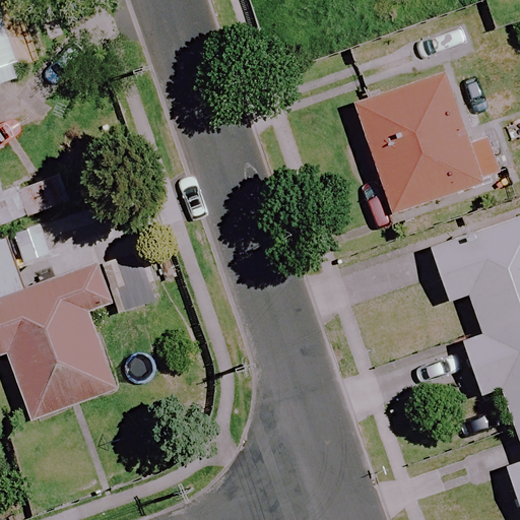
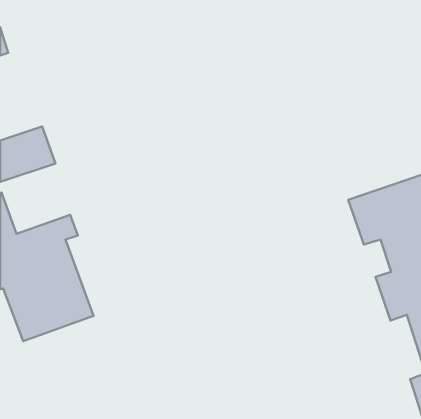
building: [354,71,500,212] -> none

